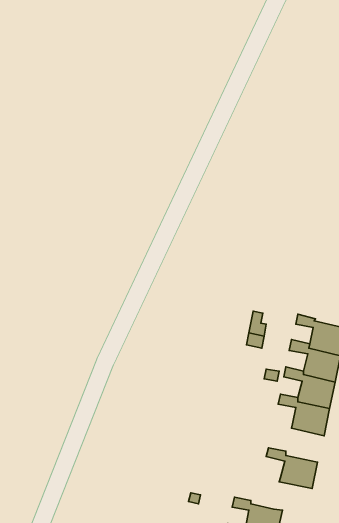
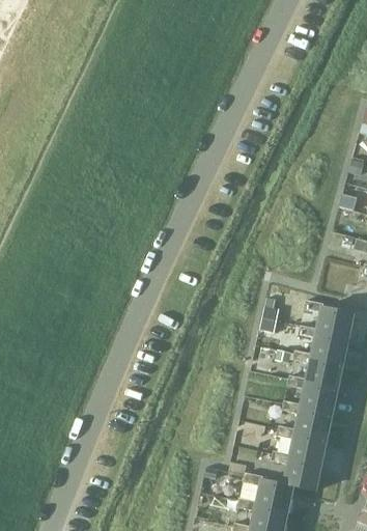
building: none -> [285,399,334,439]
building: none -> [274,450,322,490]

